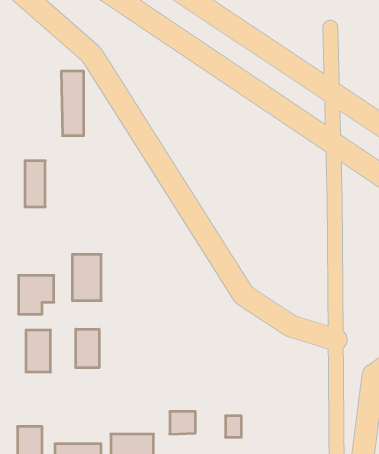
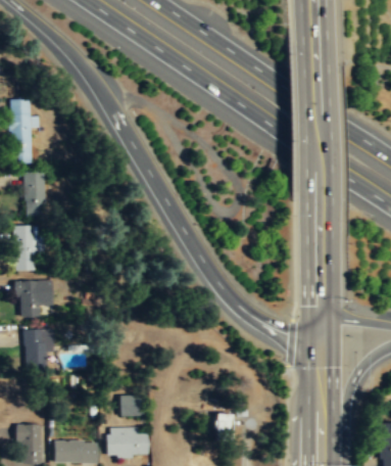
building: [61,71,84,136] -> [10,100,32,161]
building: [72,254,101,301] -> [14,225,42,269]
building: [76,329,99,368] -> none
building: [170,412,195,434] -> [123,393,147,415]

